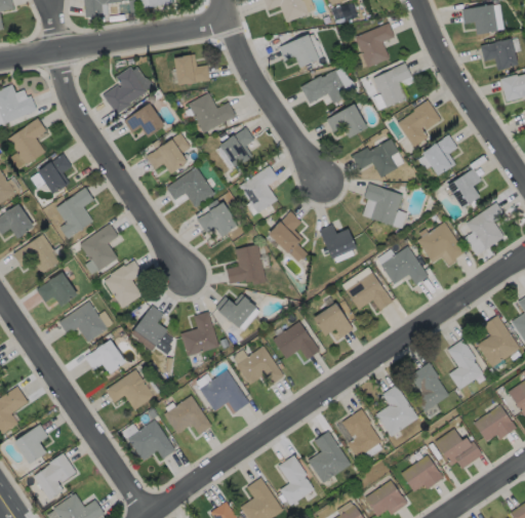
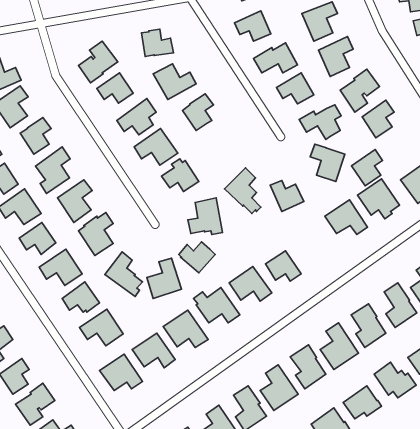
building: [239,165,278,213] -> none
building: [447,168,482,209] -> [352,149,383,186]
building: [346,272,393,311] -> none

